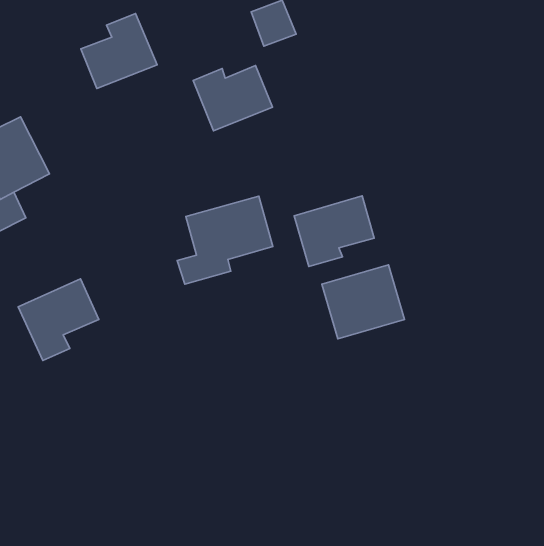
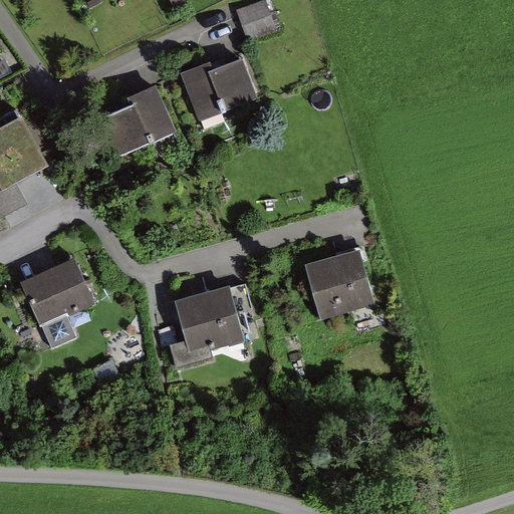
building: [81,13,157,89] -> [99,84,171,155]
building: [294,196,374,267] -> none
building: [177,196,273,284] -> [168,282,257,364]

